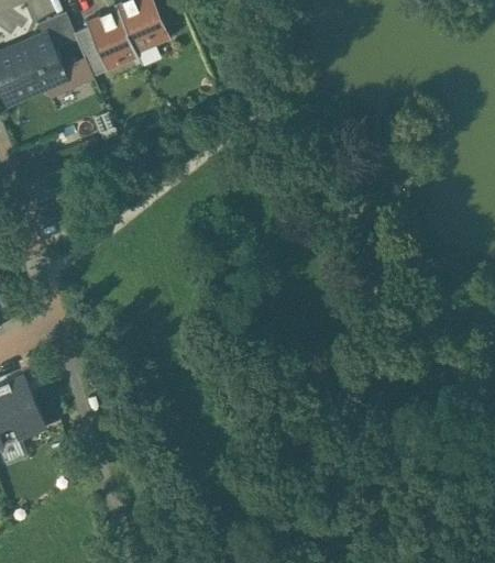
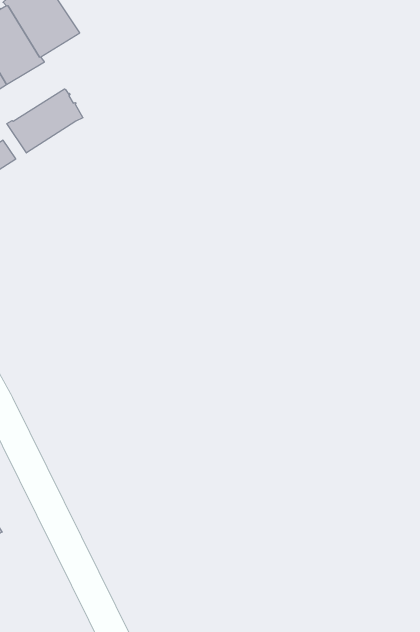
building: none -> [7,89,83,153]

